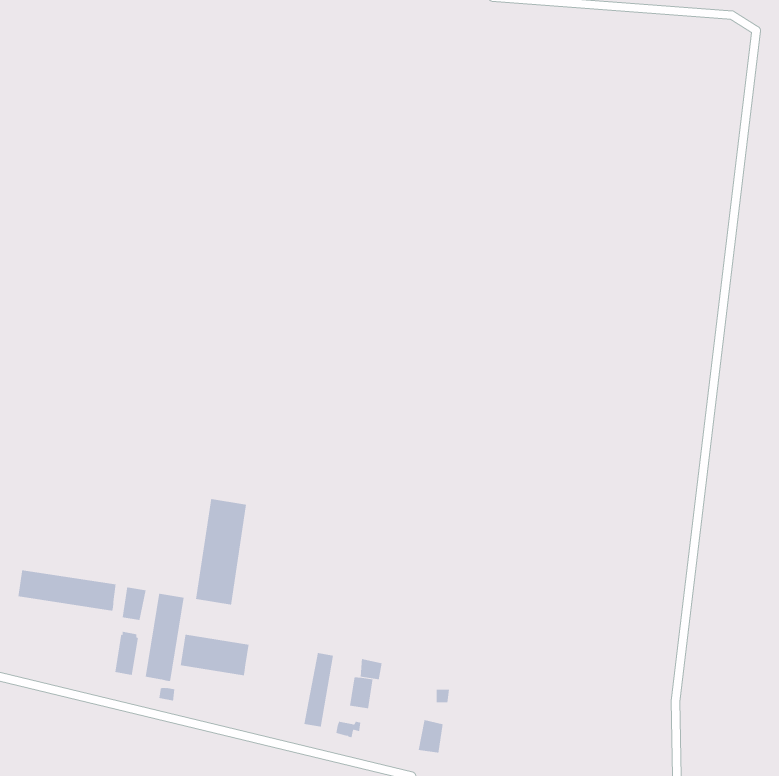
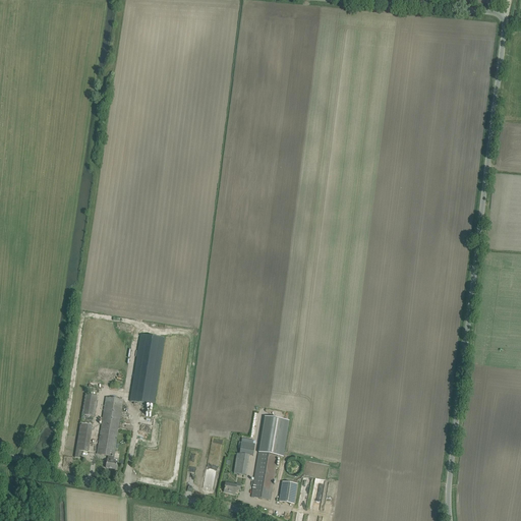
building: [18,569,116,612] -> none
building: none -> [251,415,288,499]
building: [180,634,249,676] -> none

